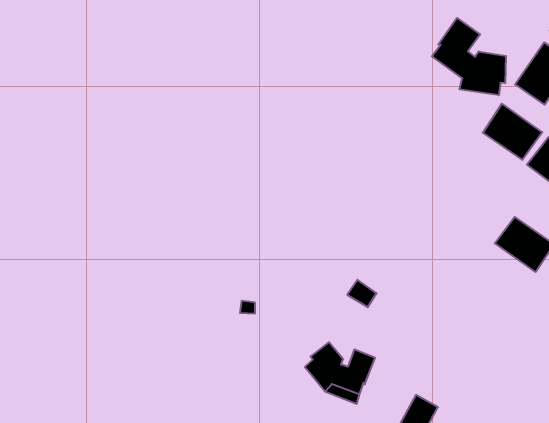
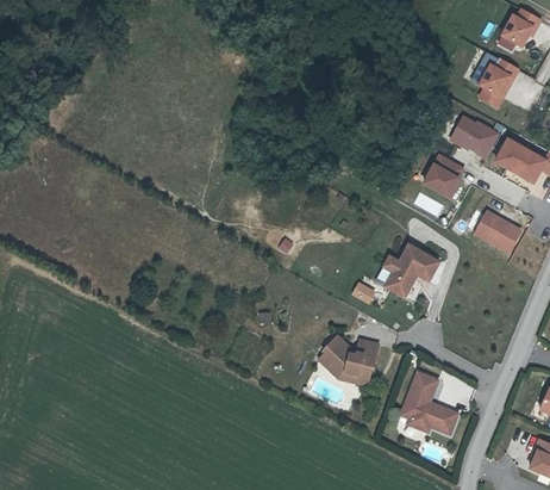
building: [432,18,506,95] -> none
building: none -> [419,151,467,201]
building: none -> [386,246,442,298]

